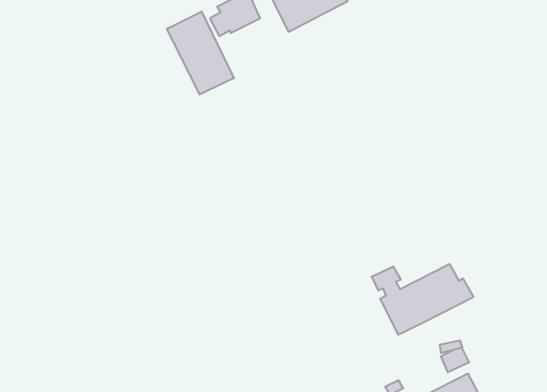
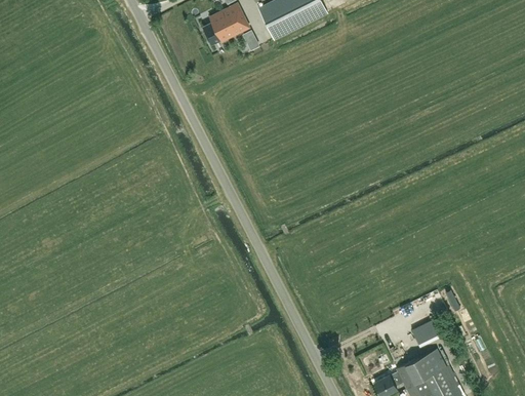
building: [167,11,234,95] -> none
building: [372,264,473,335] -> none

